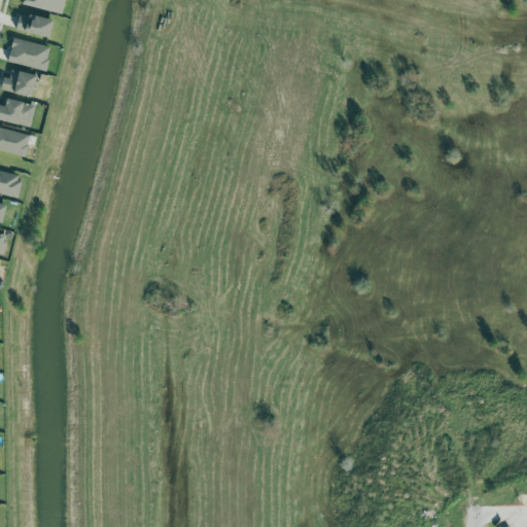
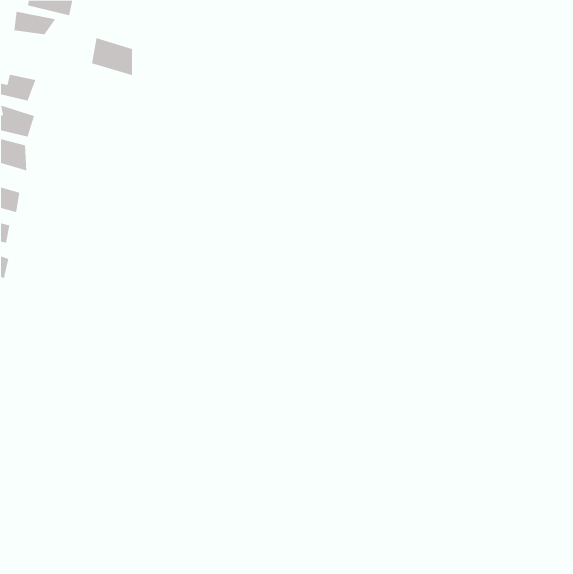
building: [7,35,45,70] -> [91,37,133,76]

